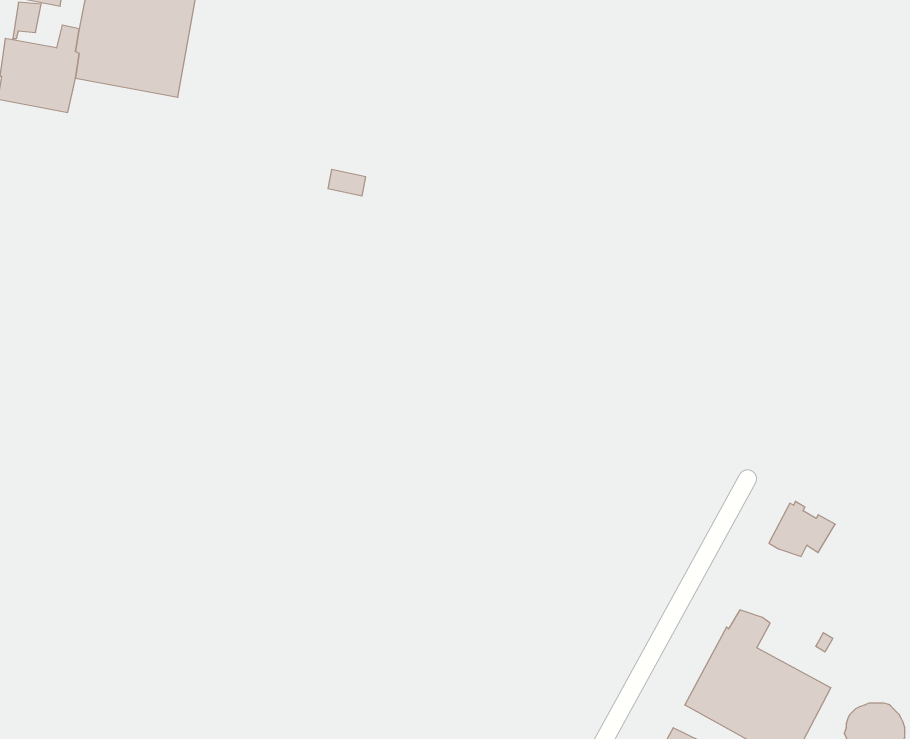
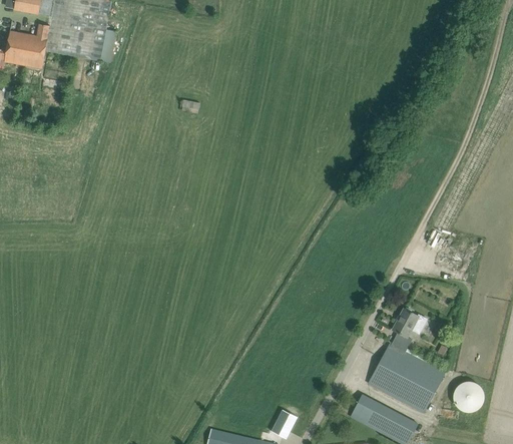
building: [769,501,835,556] -> [392,308,427,337]

